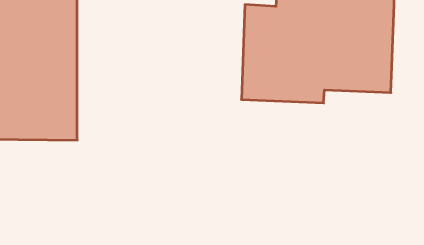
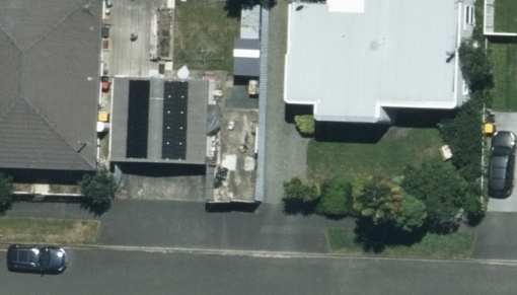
building: none -> [110,76,199,160]

